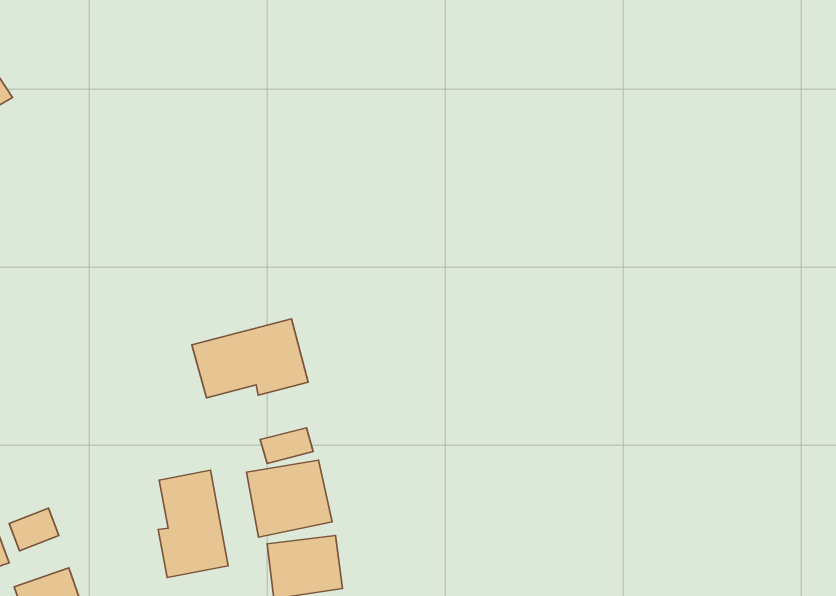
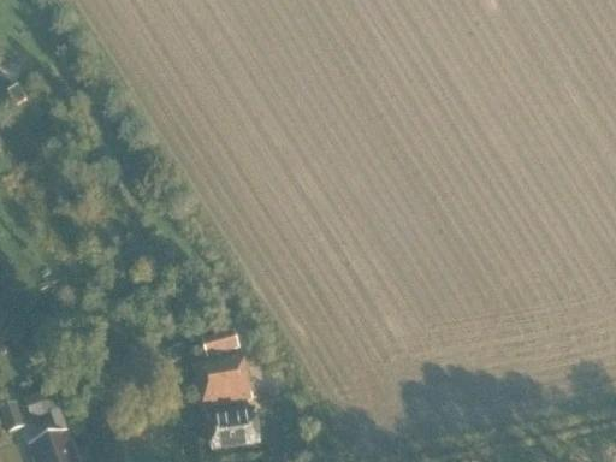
building: [192,319,308,398] -> none
building: [158,470,228,577] -> none

